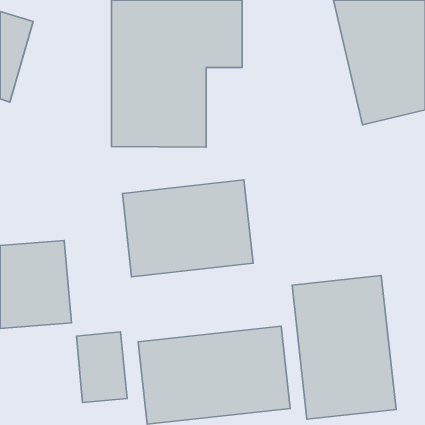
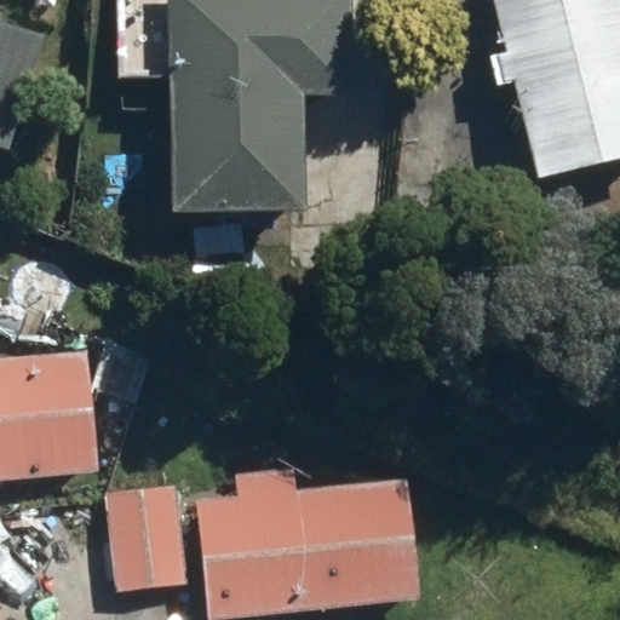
building: [122,180,253,277] -> none
building: [292,275,396,419] -> none

